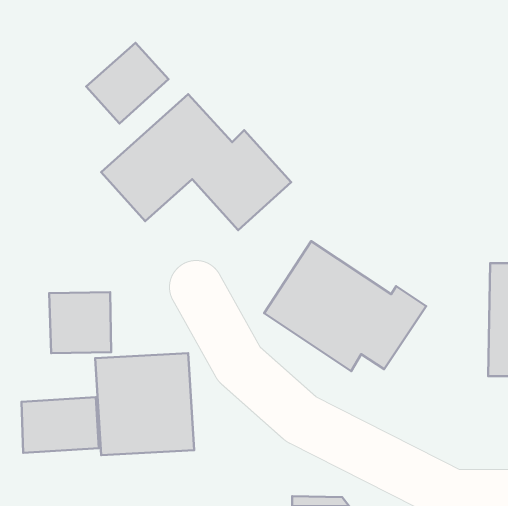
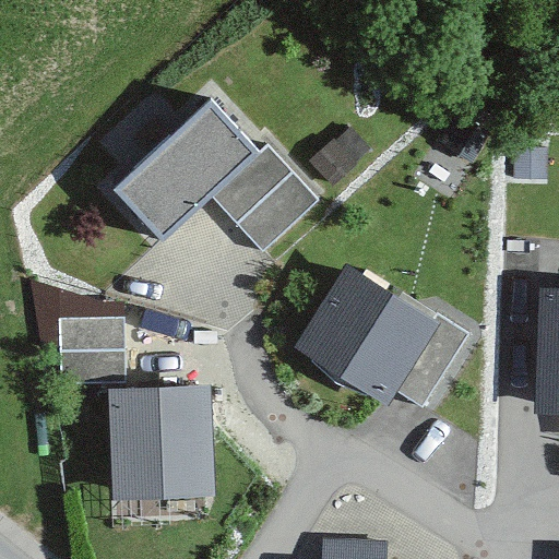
building: [86,43,168,123] -> none
building: [21,397,99,453] -> none

